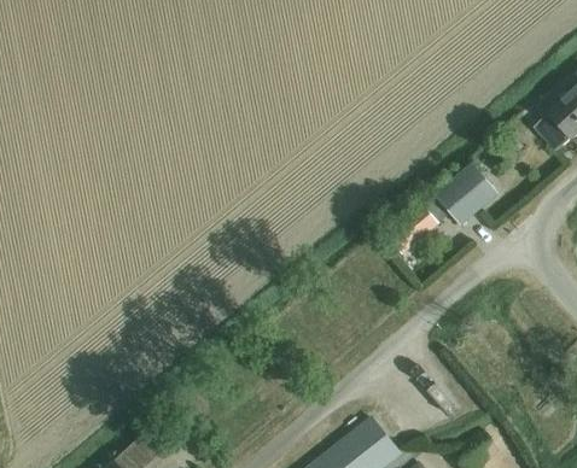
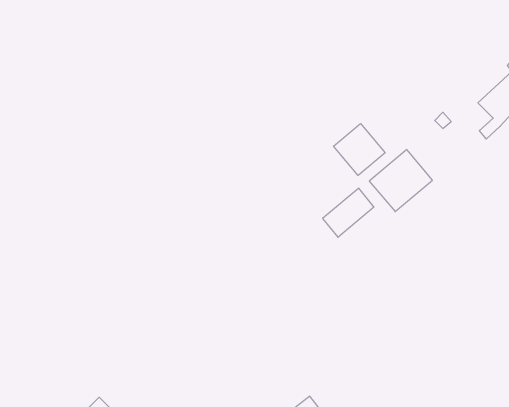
building: none -> [334,124,385,175]

